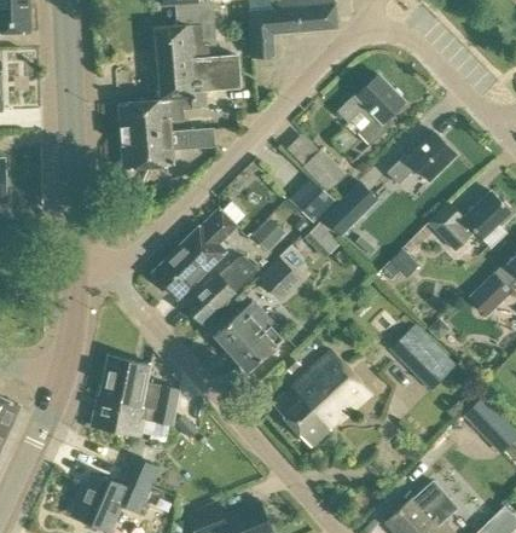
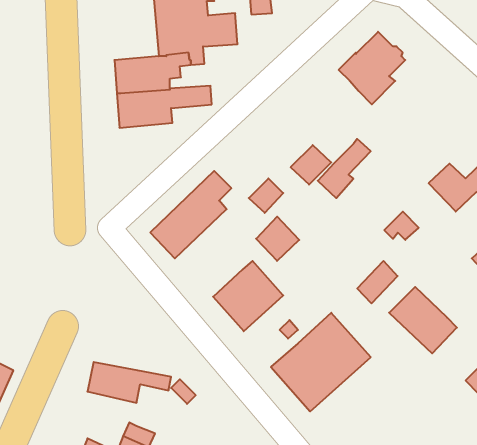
building: [387,133,454,185] -> none
building: [298,151,341,192] -> none
building: [185,257,254,323] -> none
building: none -> [357,261,398,303]
building: [98,357,179,413] -> none

